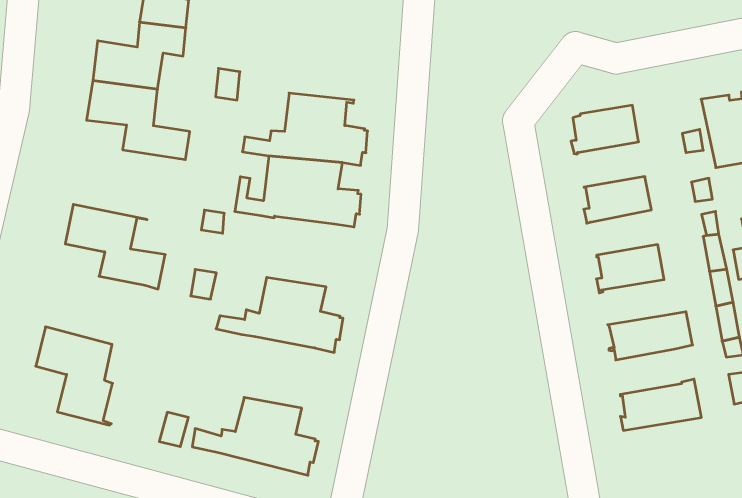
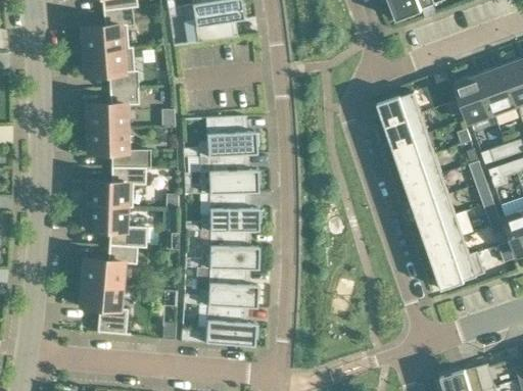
building: none -> [385,113,428,147]
building: none -> [86,167,145,207]
building: none -> [399,153,442,188]
building: none -> [185,192,259,231]
building: none -> [81,246,137,286]
building: none -> [413,194,457,229]
building: none -> [183,267,258,307]
building: none -> [428,235,470,268]

